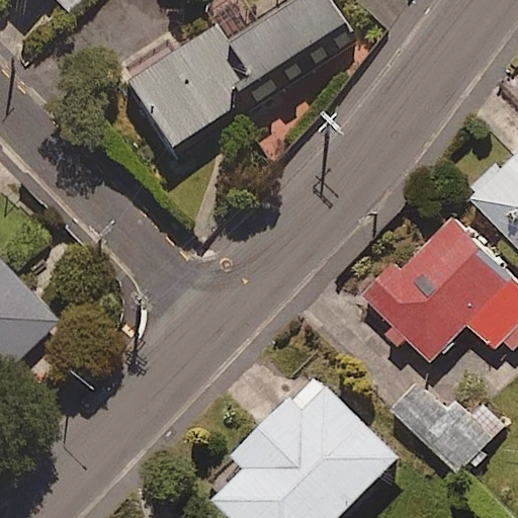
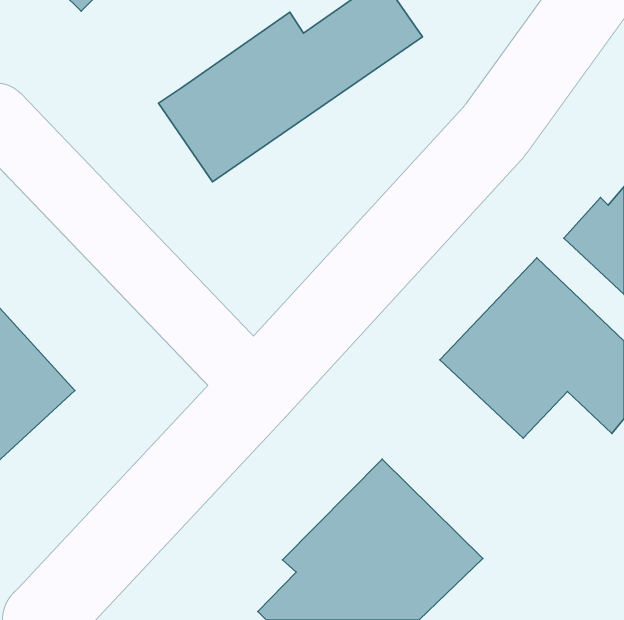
building: [385,377,508,474] -> none

